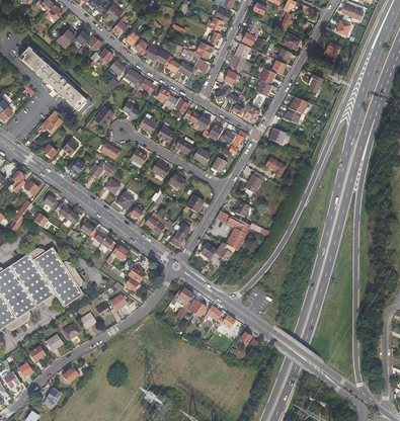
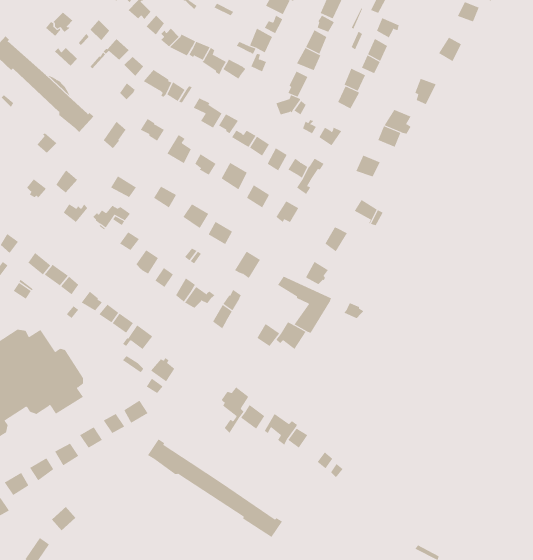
building: none -> [147,439,283,538]

